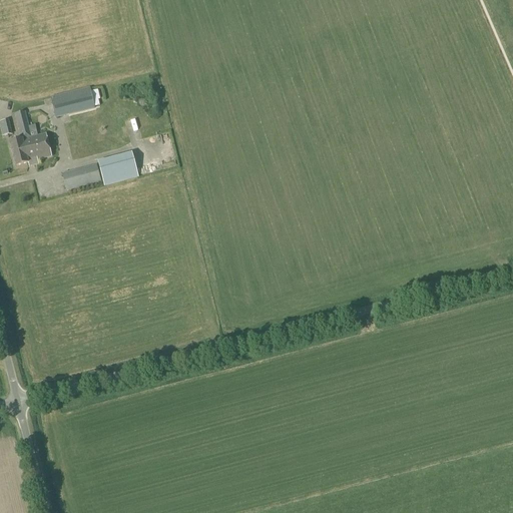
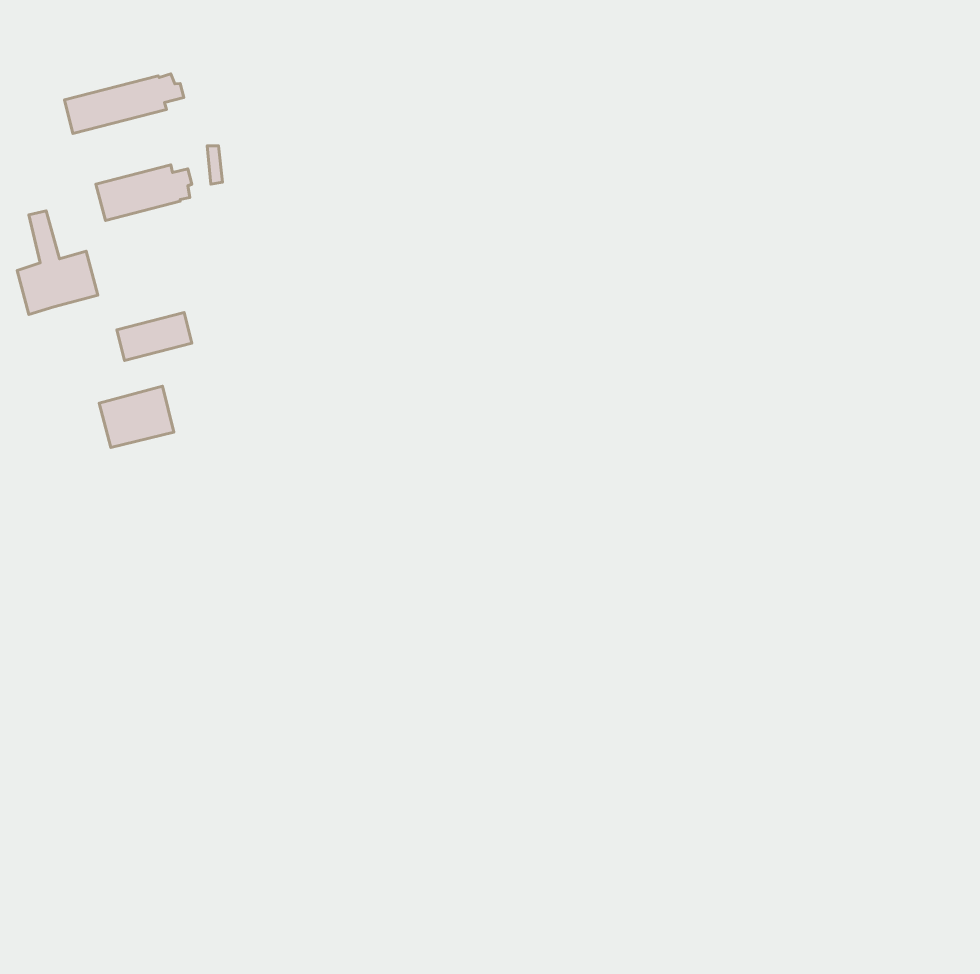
building: none -> [64,74,184,133]
building: [98,151,137,183] -> [99,386,174,447]

